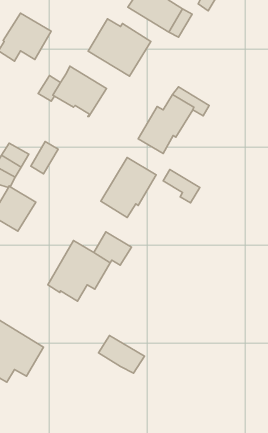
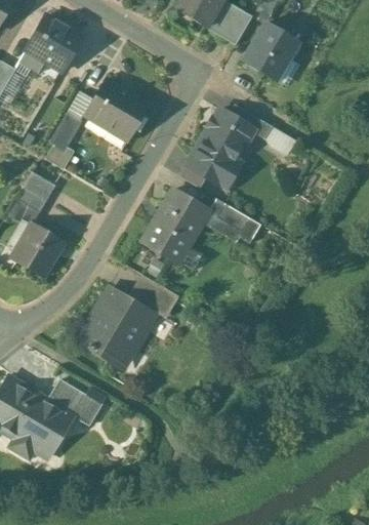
building: [88,19,151,76] -> none
building: none -> [242,24,298,81]
building: [31,141,58,174] -> [49,113,82,152]
building: [98,336,145,373] -> [46,380,101,426]

